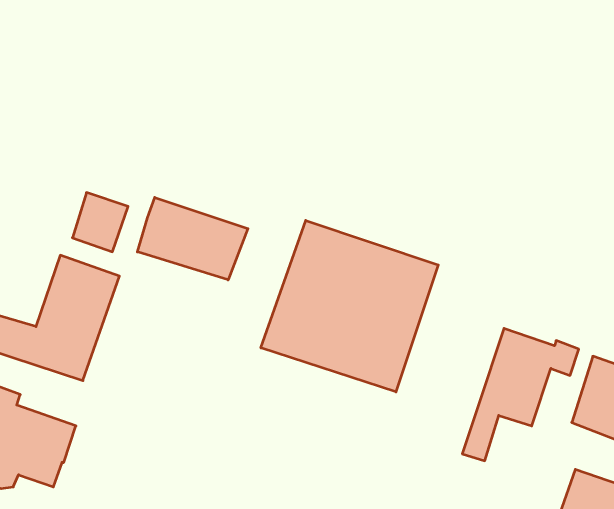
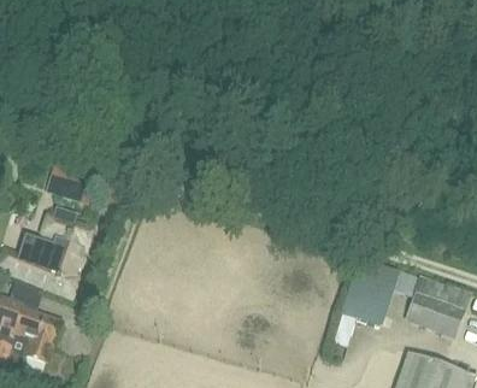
building: [137,197,248,280] -> none
building: [261,220,438,392] -> none

